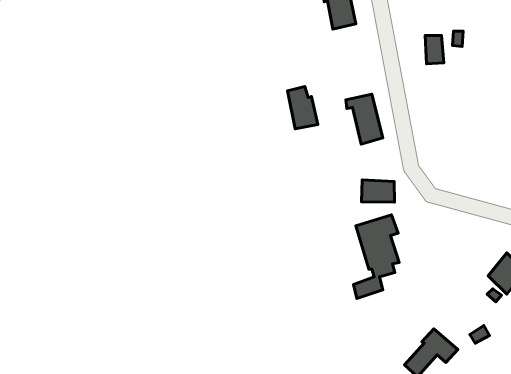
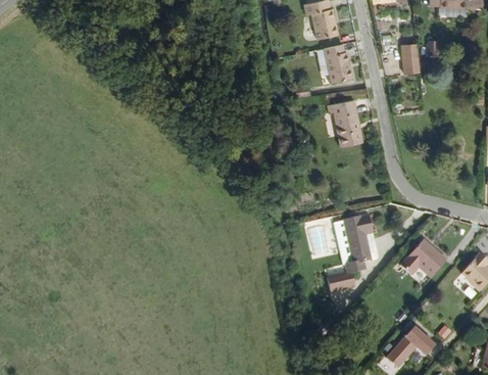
building: [287,87,318,129] -> [325,44,353,84]
building: [361,180,394,202] -> none
building: none -> [404,240,447,276]

